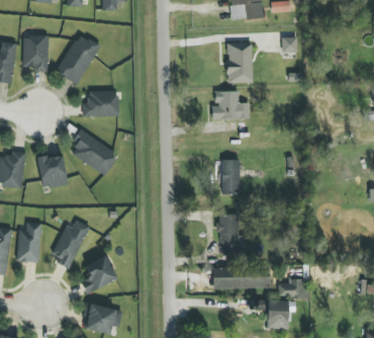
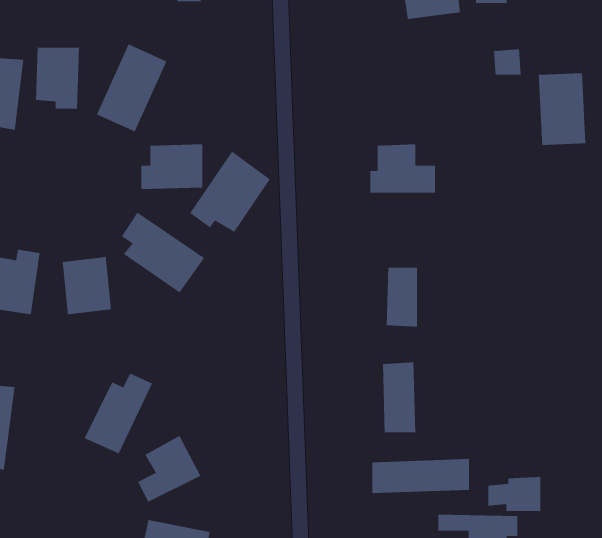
building: [226,41,254,83] -> [538,72,586,146]
building: none -> [189,151,271,233]
building: [17,222,41,262] -> none

